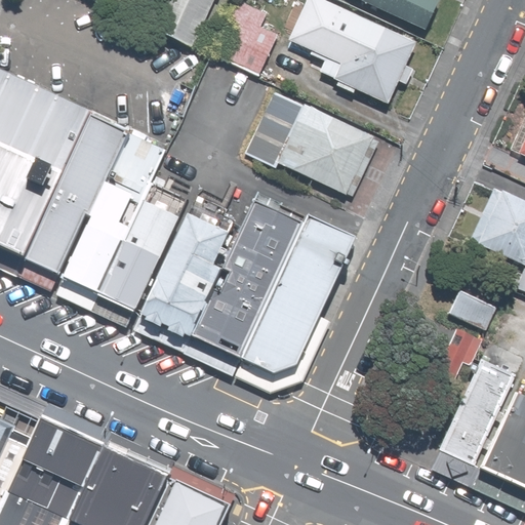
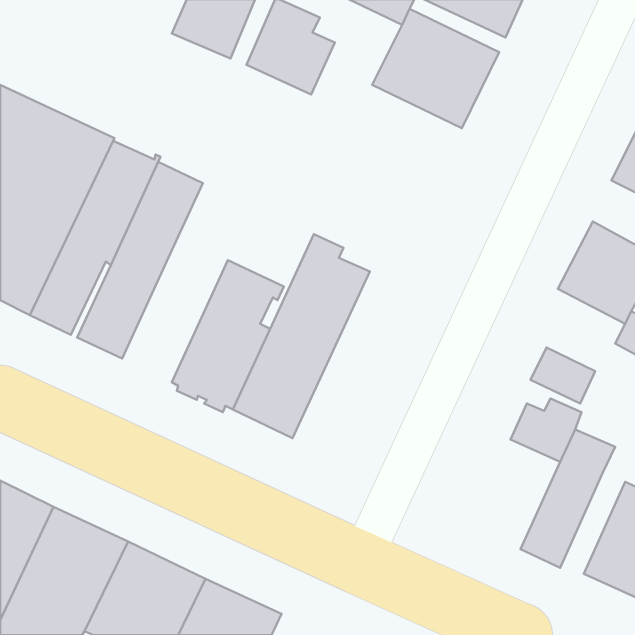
building: [246,92,380,197] -> none
building: [102,202,180,313] -> none
building: [242,216,358,376] -> none

